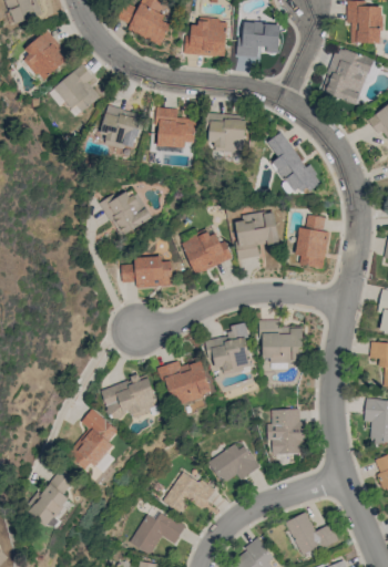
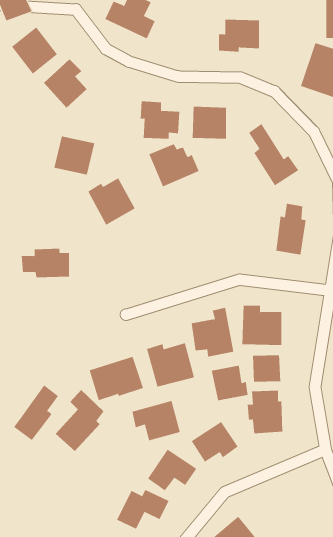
building: [183,19,226,56] -> none
building: [99,106,142,147] -> [54,136,95,175]
building: [233,213,279,260] -> none
building: [180,230,233,276] -> [149,144,200,187]
building: [121,257,172,288] -> [21,248,70,278]
building: none -> [252,354,281,383]
building: none -> [211,365,248,401]
building: none -> [132,400,181,441]
building: [28,467,75,526] -> [13,384,59,441]
building: [285,513,337,557] -> none

